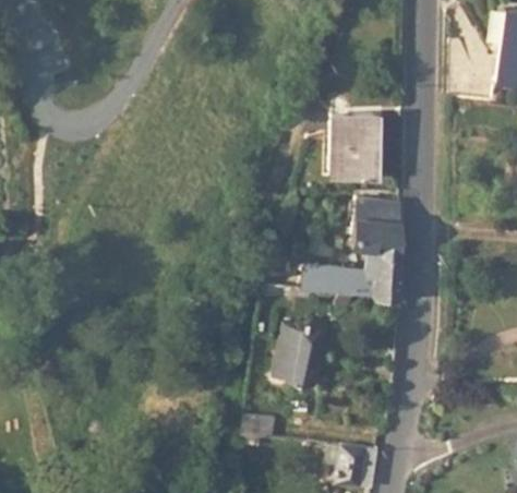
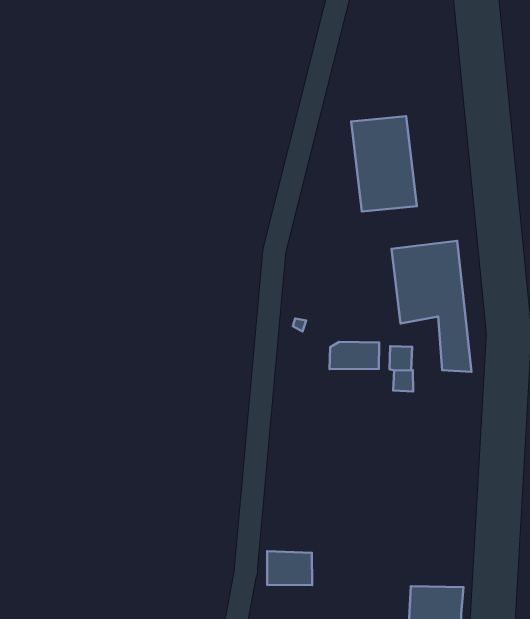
building: [274,321,327,388] -> none

